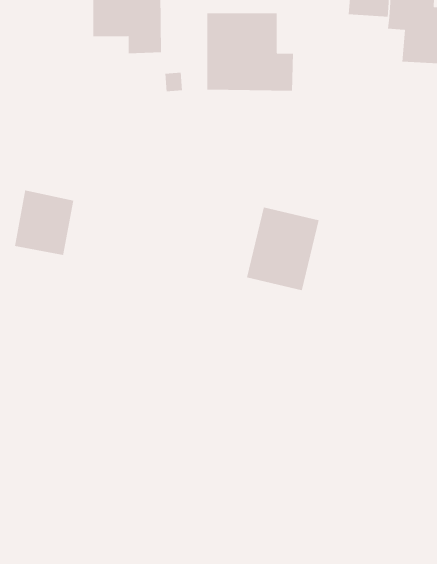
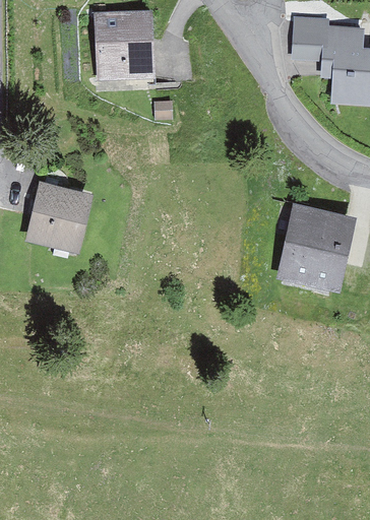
building: [207,12,294,92] -> none
building: [246,207,319,291] -> [292,216,349,281]

